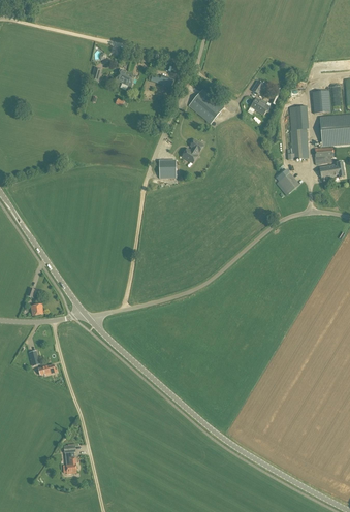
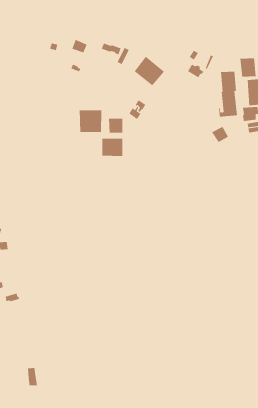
building: none -> [79,110,102,133]
building: none -> [102,138,123,157]

